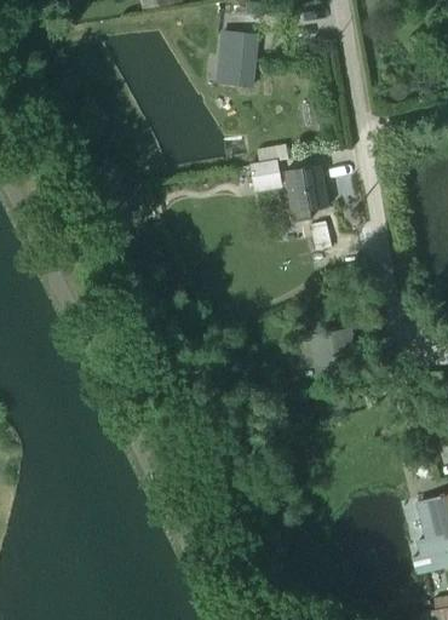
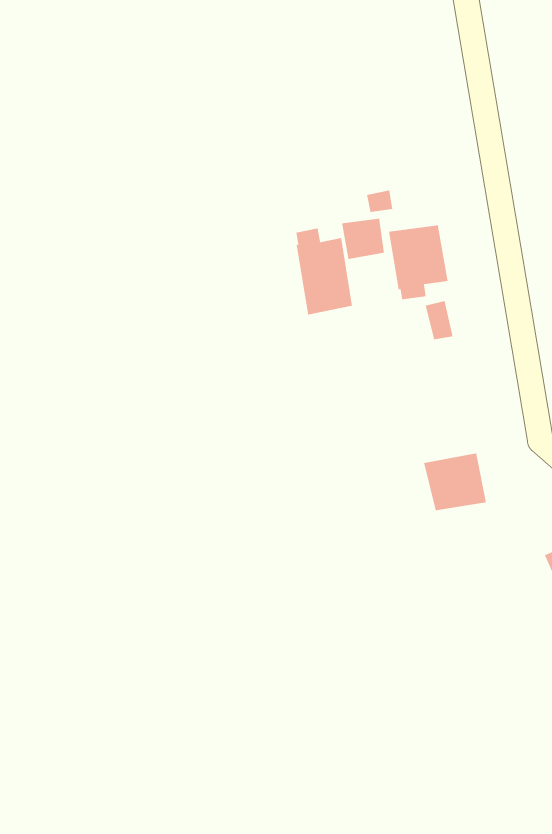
building: [214,29,254,87] -> none
building: none -> [296,227,353,316]

